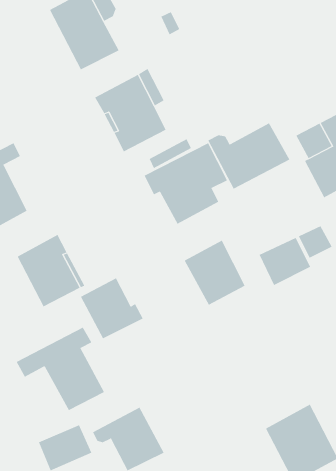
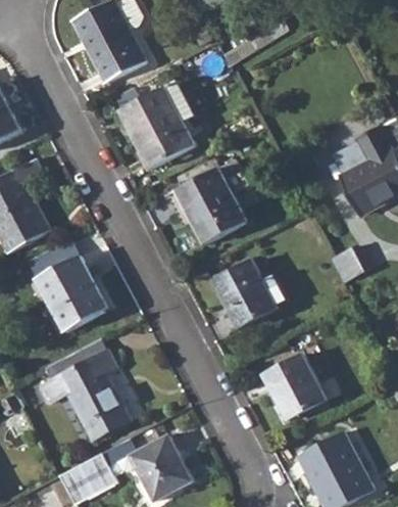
building: [207,123,290,190] -> none
building: [259,237,311,286] -> none
building: [80,278,144,339] -> none
building: none -> [263,355,326,420]

